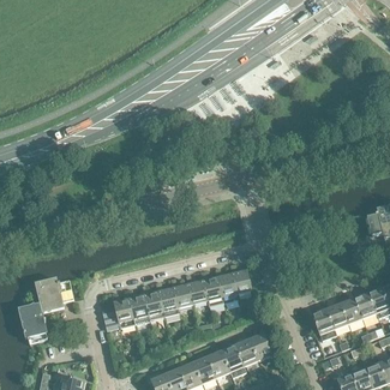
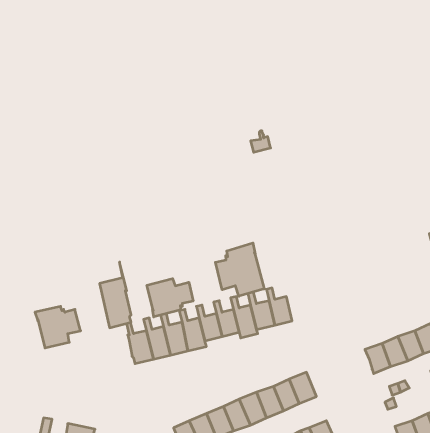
building: none -> [215,243,264,296]
building: none -> [147,279,193,317]
building: [19,289,46,344] -> [100,262,131,328]

